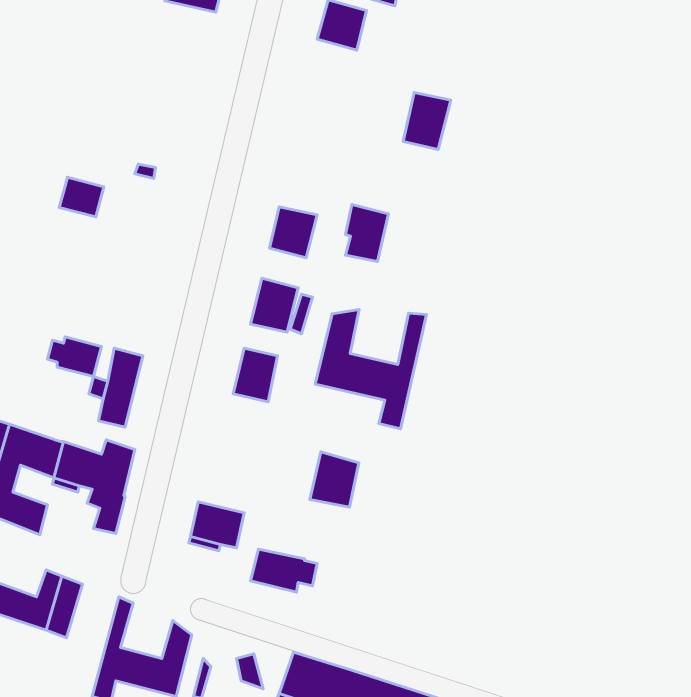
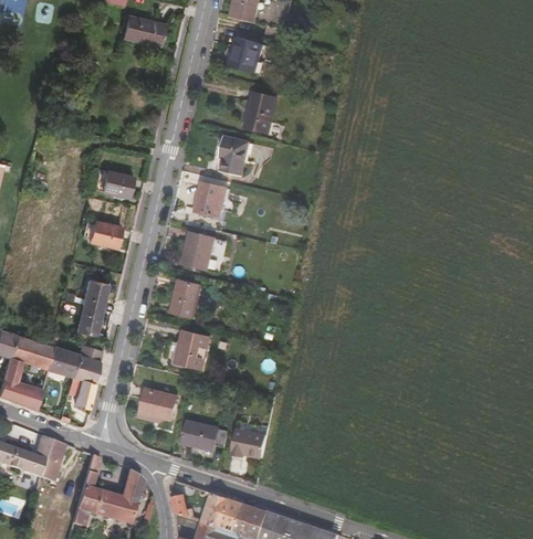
building: [403,92,451,149] -> [244,93,278,133]
building: [59,177,104,217] -> [101,170,132,198]
building: [346,204,388,262] -> [220,136,250,176]
building: [315,310,427,429] -> none
building: [48,337,102,377] -> [82,221,119,249]
building: [310,452,359,507] -> [175,330,209,369]
building: none -> [231,429,268,457]

